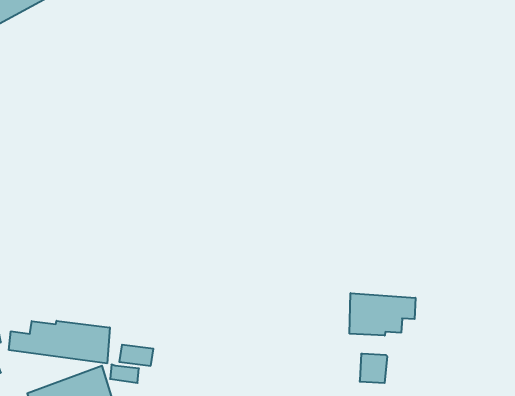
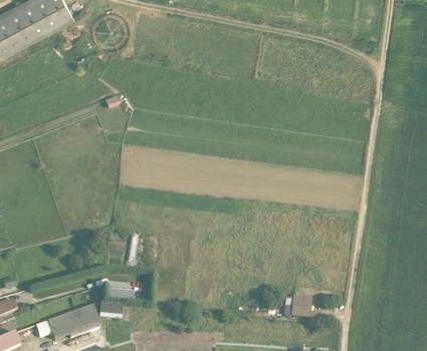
building: [350,293,415,336] -> none
building: [9,321,110,363] -> none

